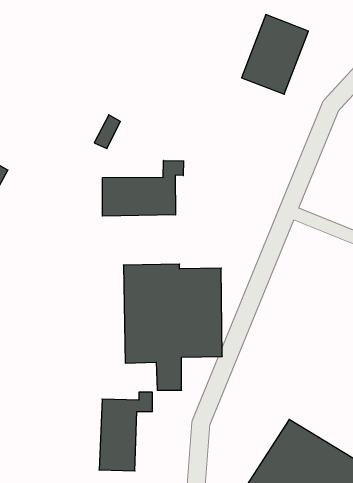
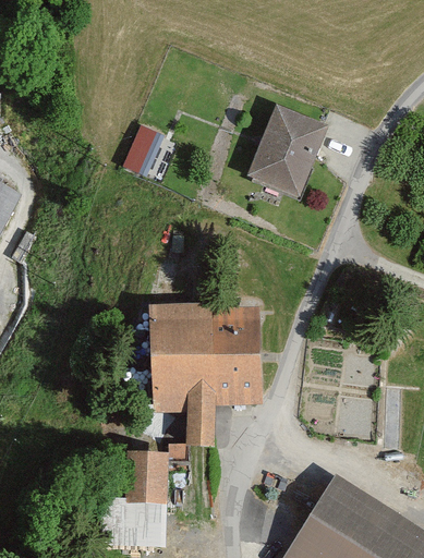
building: [242,15,308,94] -> [249,102,324,192]
building: [103,160,184,216] -> none

